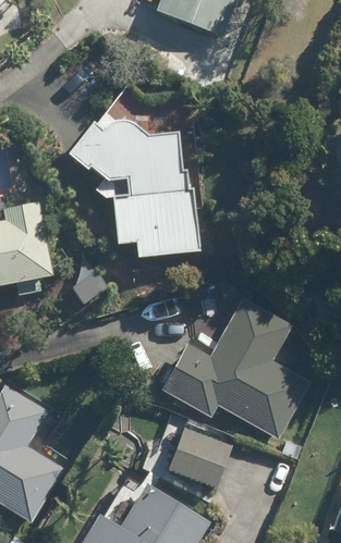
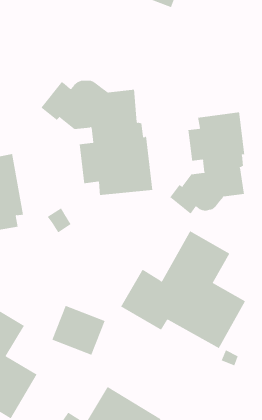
building: none -> [169,111,245,215]
building: [169,428,233,488] -> [52,305,106,356]

